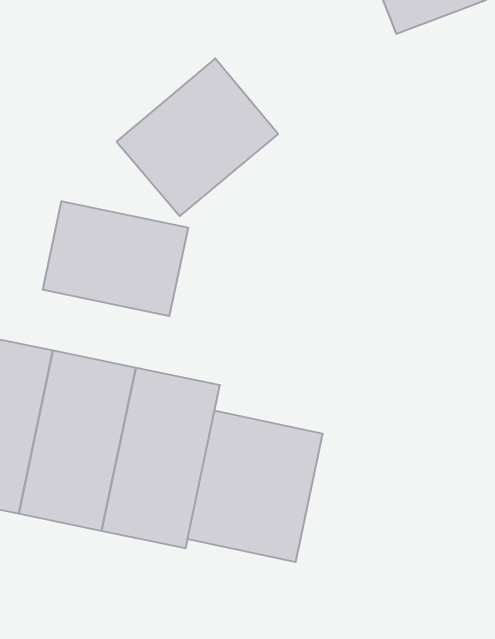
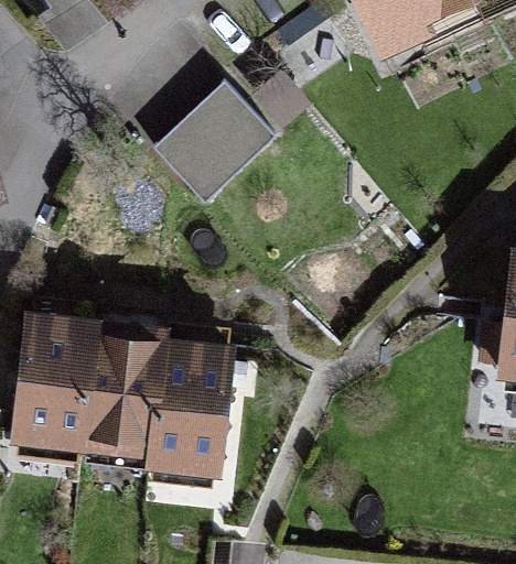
building: [43,201,188,316] -> none
building: [188,411,323,562] -> none

